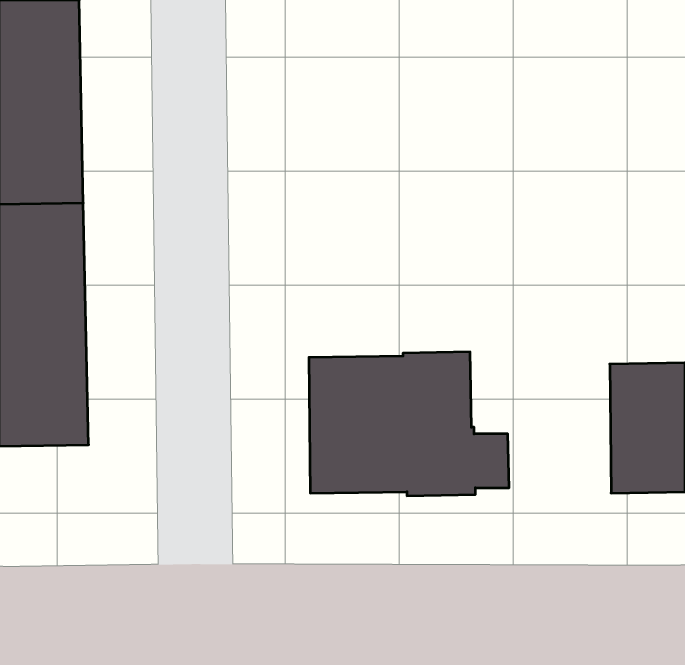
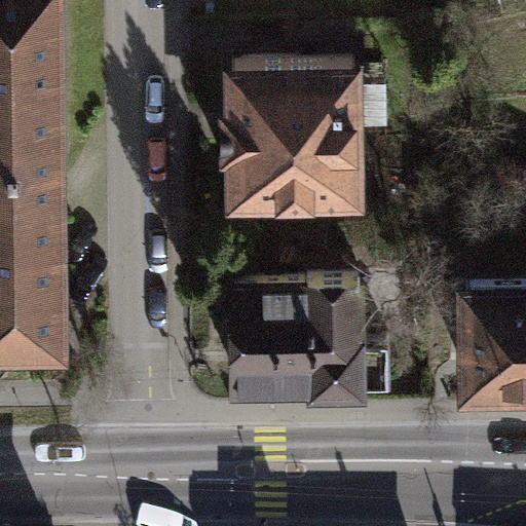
building: none -> [232,70,358,201]

